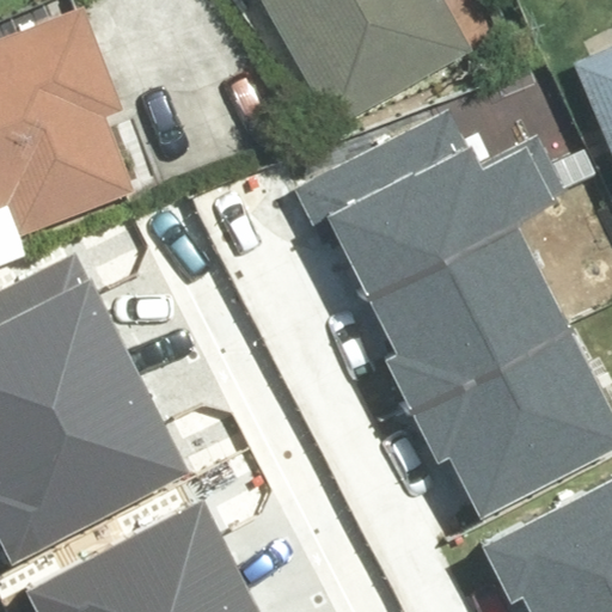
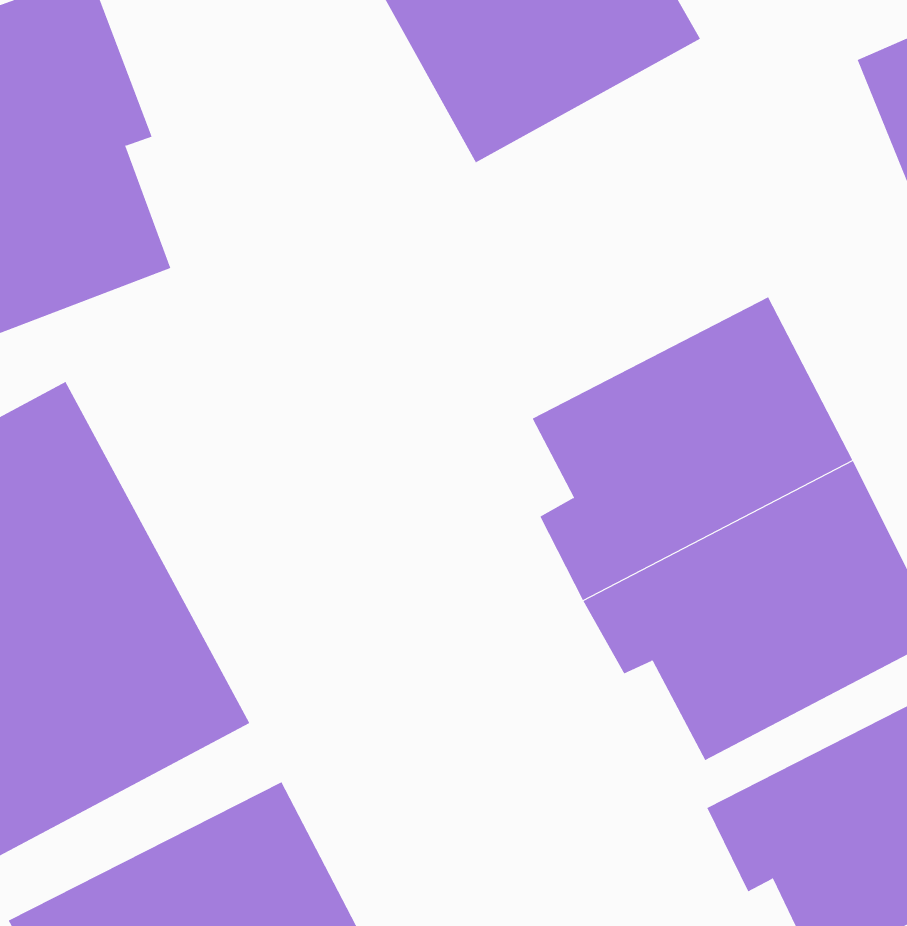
building: [294,103,580,288] -> none

